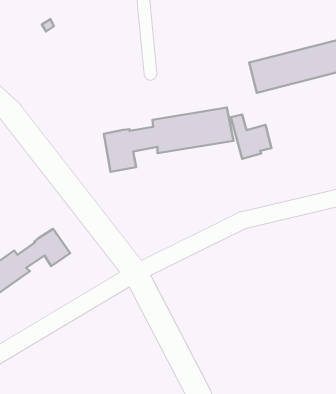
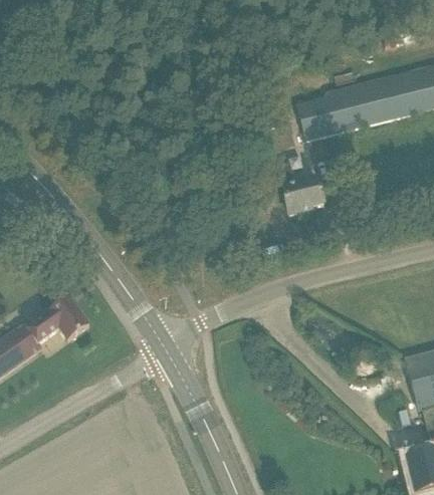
building: [104,108,234,172] -> none

